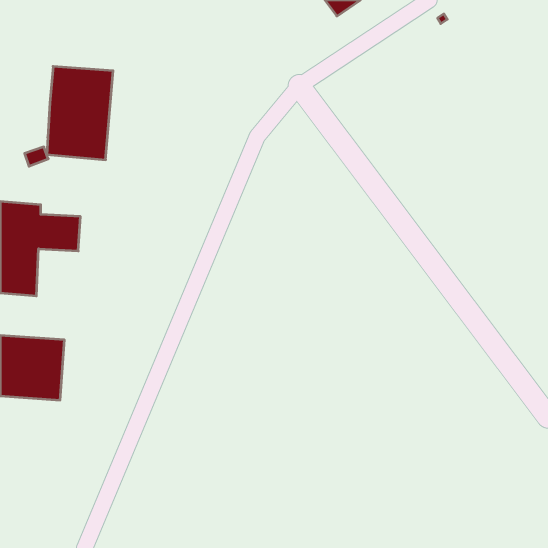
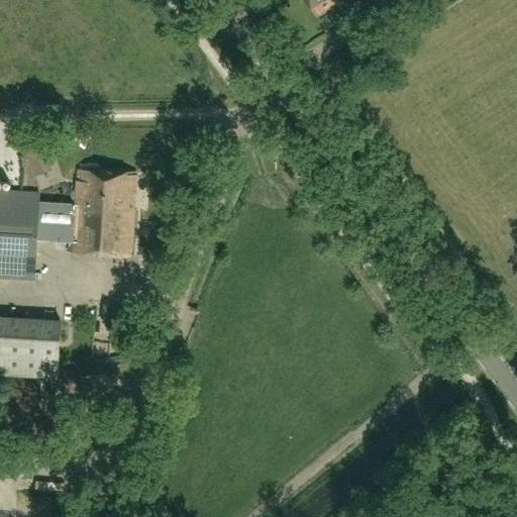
building: [47,66,113,160] -> [73,170,135,257]

